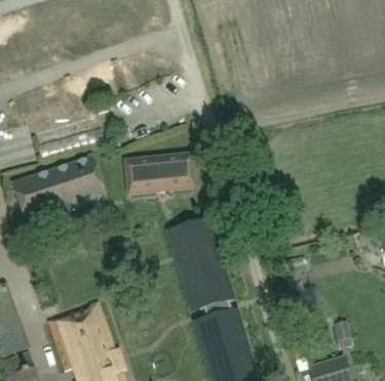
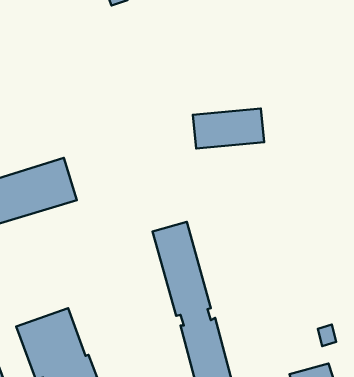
building: [127,155,195,193] -> [193,109,264,149]

